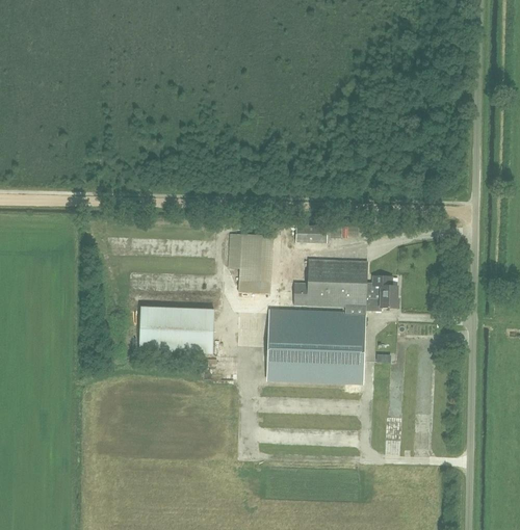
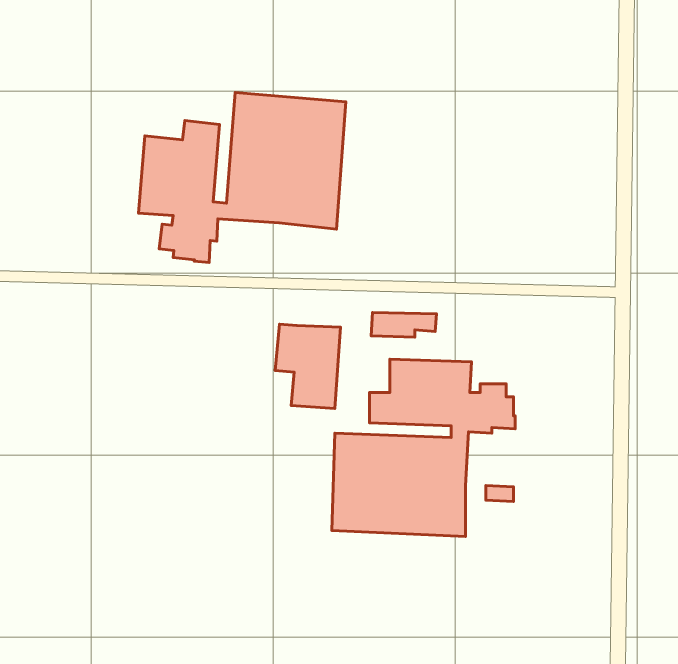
building: none -> [138,93,346,263]
building: [139,307,213,352] -> none

